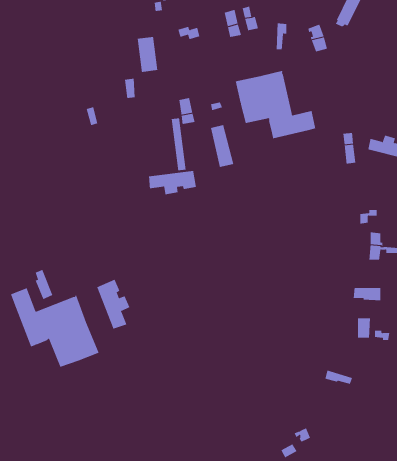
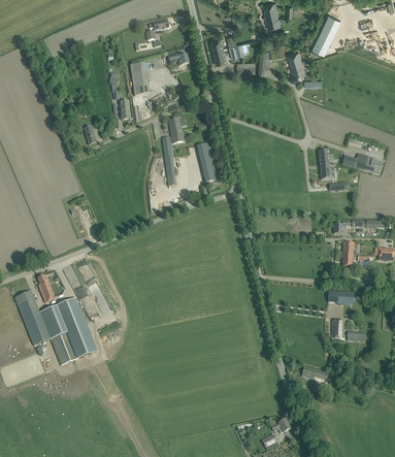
building: [235,70,316,139] -> none
building: [149,170,196,195] -> none
building: [97,279,130,329] -> none

